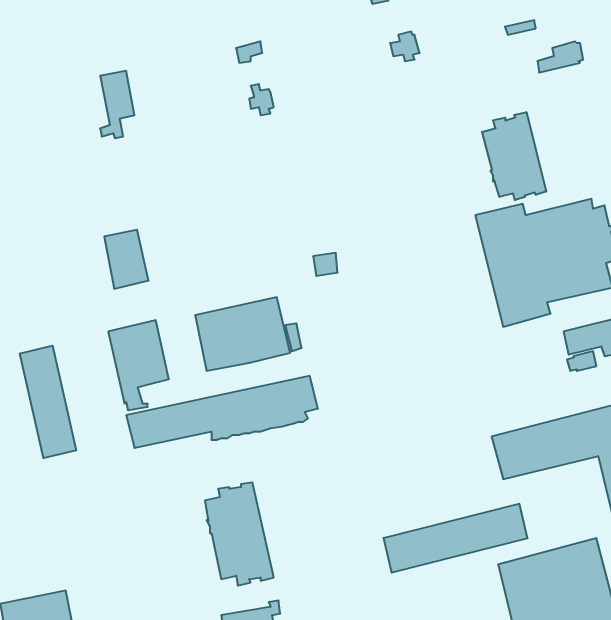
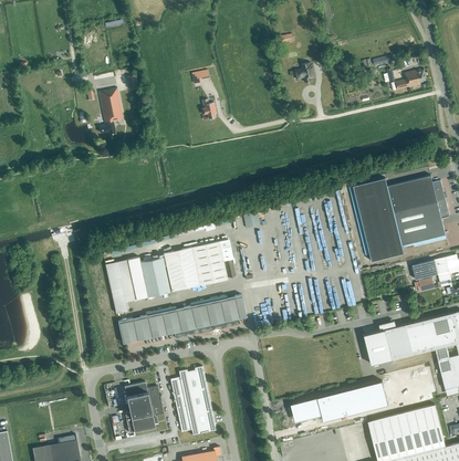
building: [482,112,546,200] -> none
building: [104,230,149,289] -> [140,258,170,297]
building: [20,346,76,458] -> none
building: none -> [124,383,164,433]

